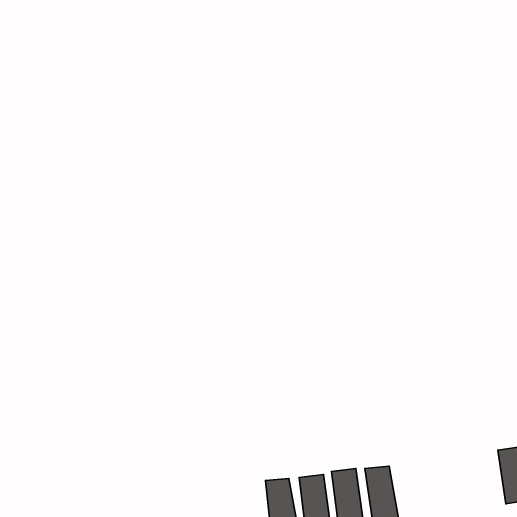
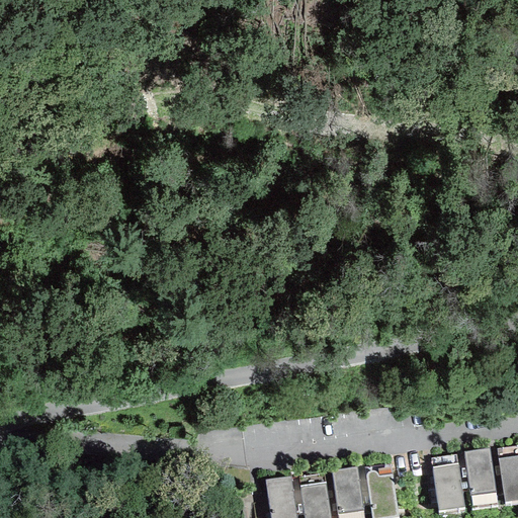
building: none -> [465,451,498,509]
building: none -> [431,455,465,512]

